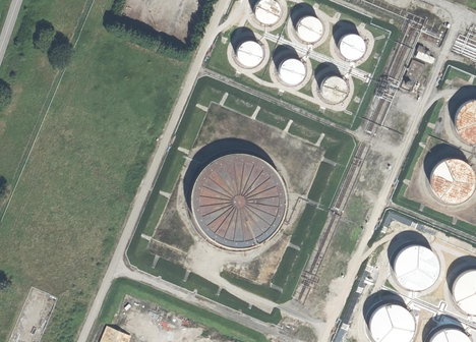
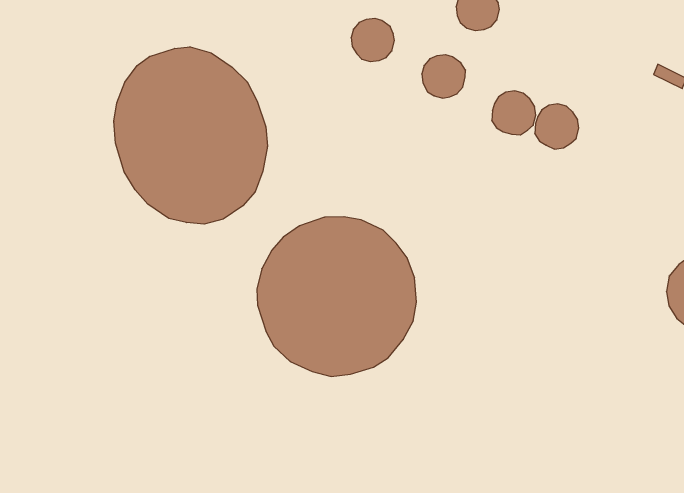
building: [340,31,365,57] -> [535,104,579,149]
building: none -> [114,47,267,224]
building: [395,246,440,291] -> none

